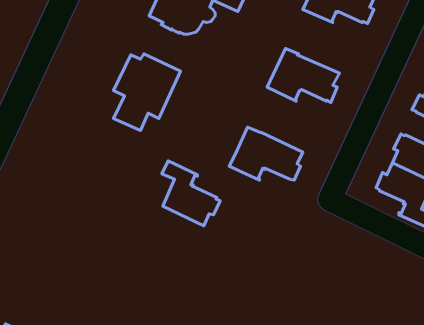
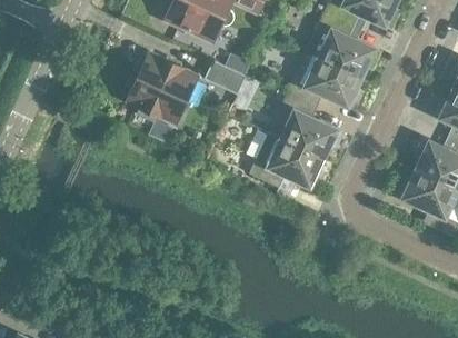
building: none -> [306,11,378,77]
building: none -> [203,60,246,93]
building: [162,161,220,226] -> [280,91,340,158]

